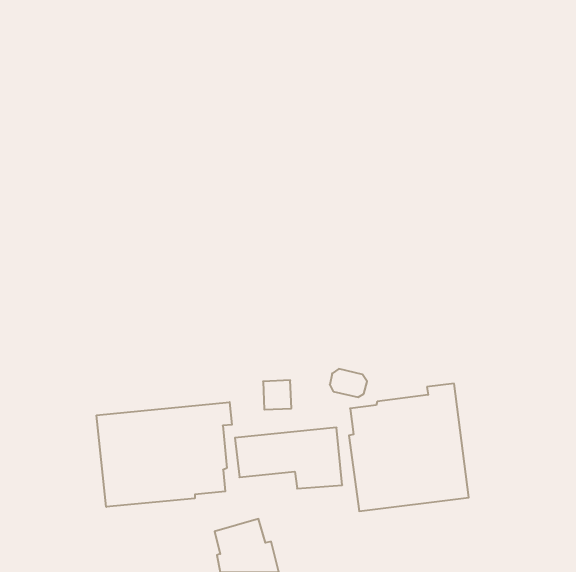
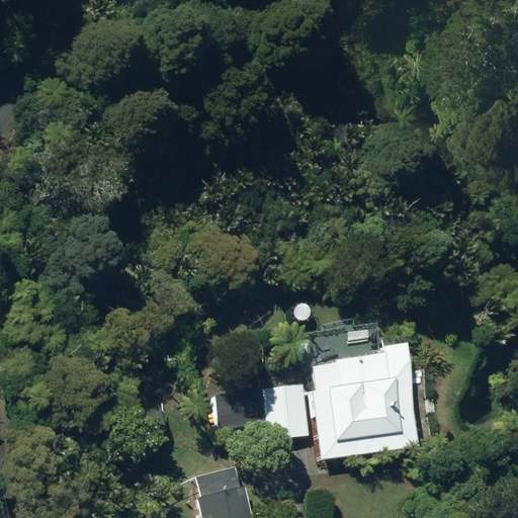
building: [97,402,232,507] -> none

